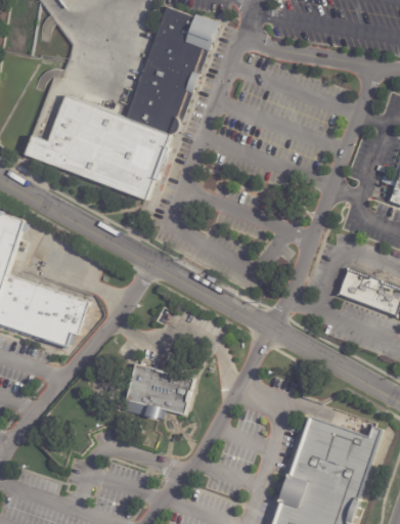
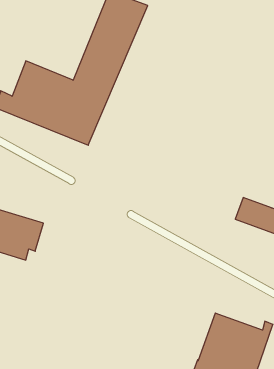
building: [124,363,193,418] -> none

